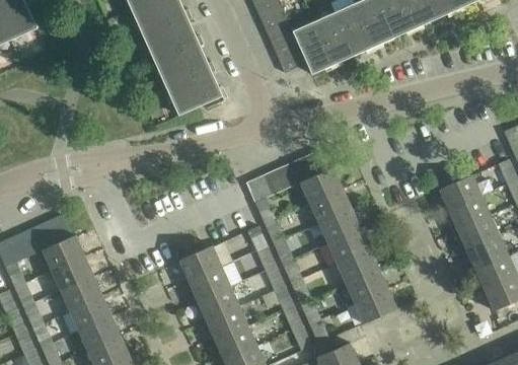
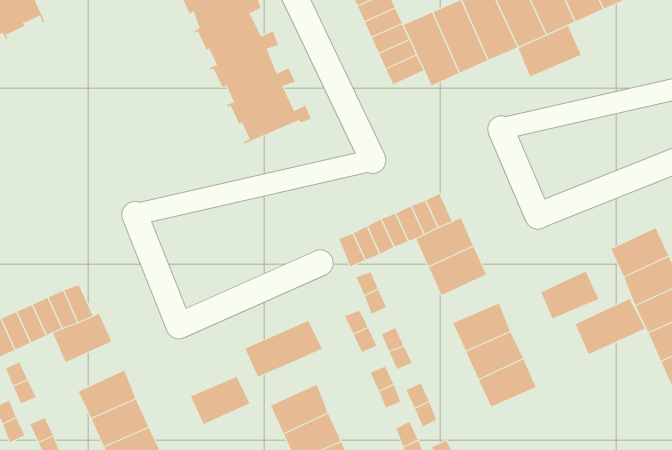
building: none -> [518,25,582,77]
building: [318,208,360,242] -> [541,271,599,319]
building: none -> [575,298,646,355]
building: [51,255,93,291] -> none
building: [188,267,230,301] -> [190,376,250,425]
building: [354,288,395,323] -> none

